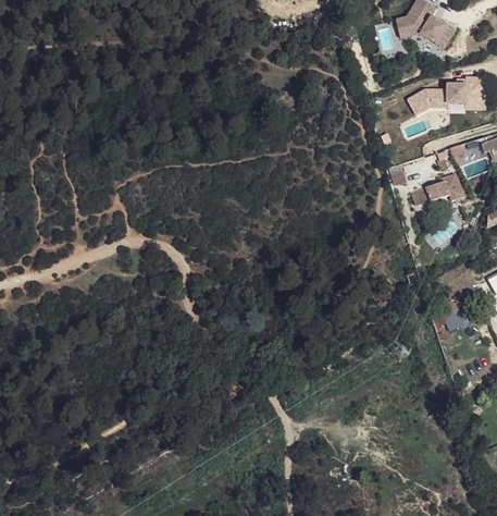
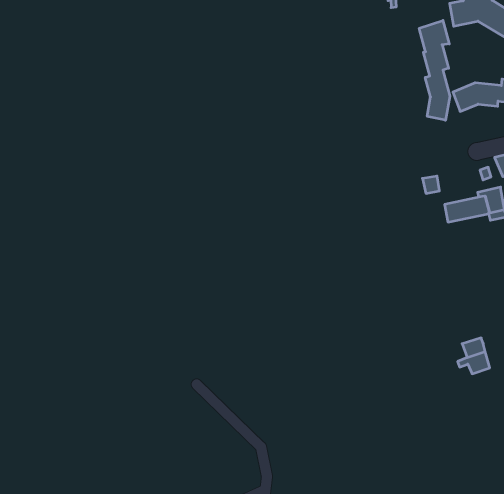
building: none -> [419,20,450,120]

